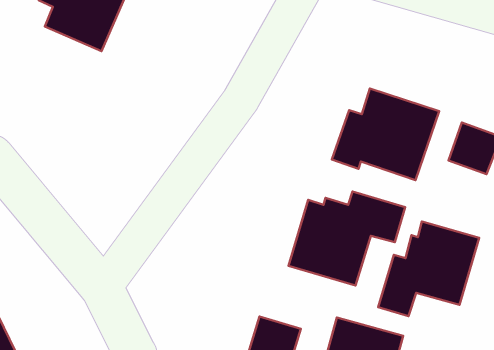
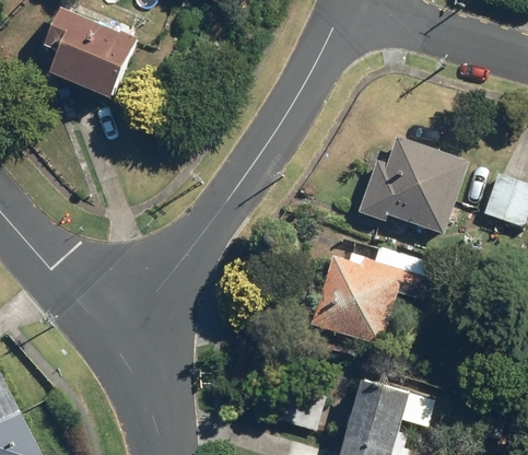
building: [378,221,479,316] -> none

